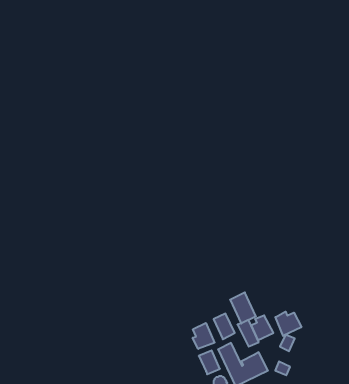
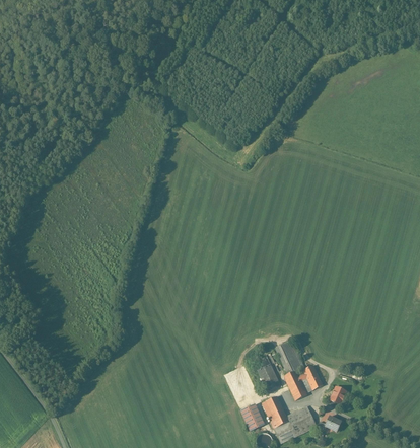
building: [275,312,301,336] -> none
building: [193,323,215,349] -> none

